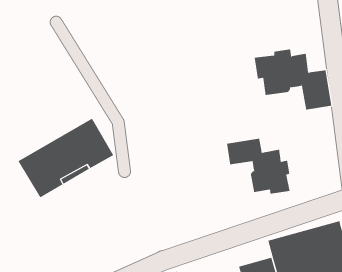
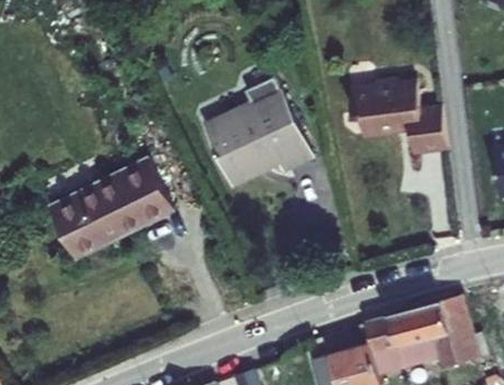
building: none -> [202,75,308,180]
building: [226,138,290,195] -> none

